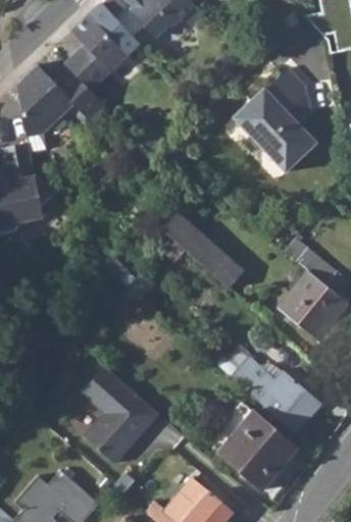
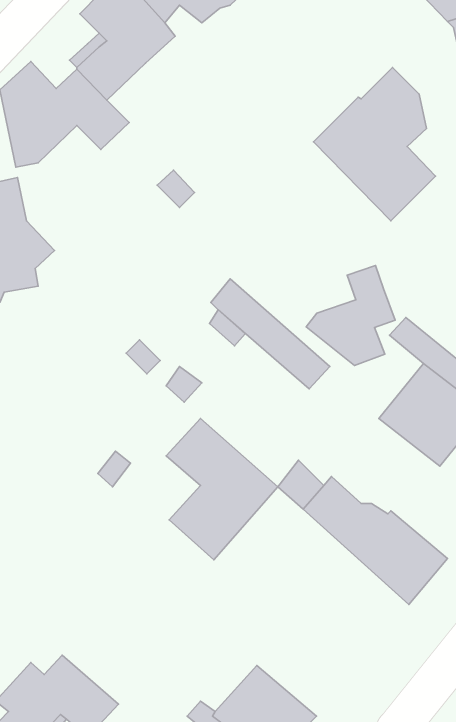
building: none -> [306,266,395,365]
building: [83,366,159,463] -> [166,419,278,560]
building: [218,412,297,489] -> none

